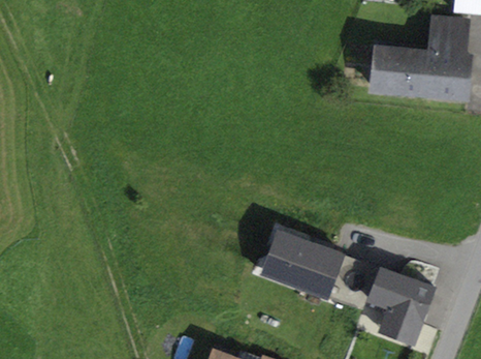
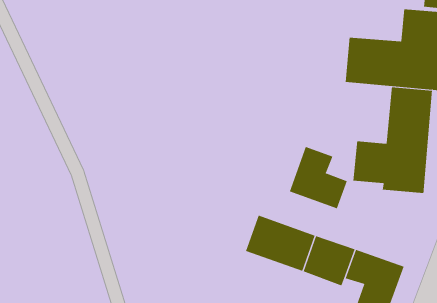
building: none -> [353,87,432,194]
building: none -> [289,146,347,209]

